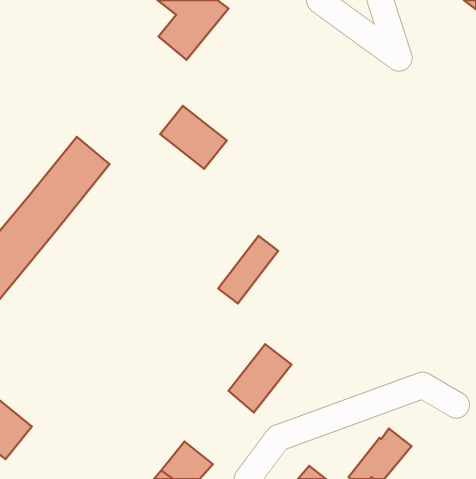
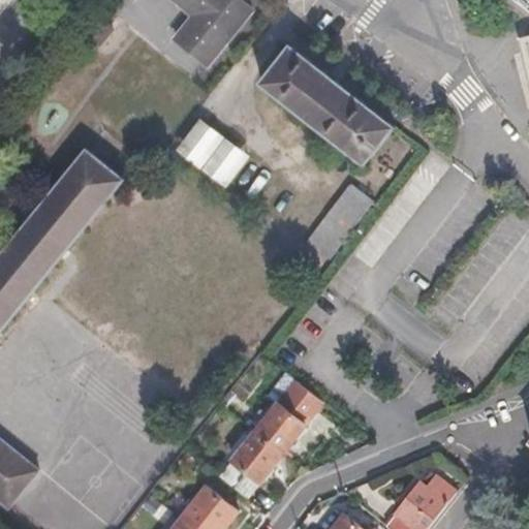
building: none -> [258,46,393,165]
building: [218,236,278,303] -> [305,186,371,260]
building: none -> [216,431,280,498]

